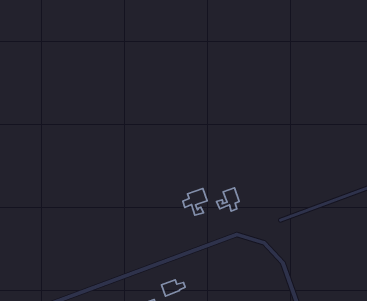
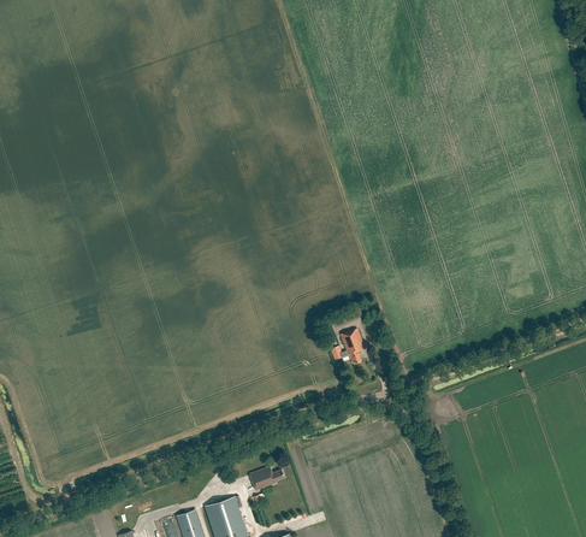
building: [183,188,207,215] -> none

